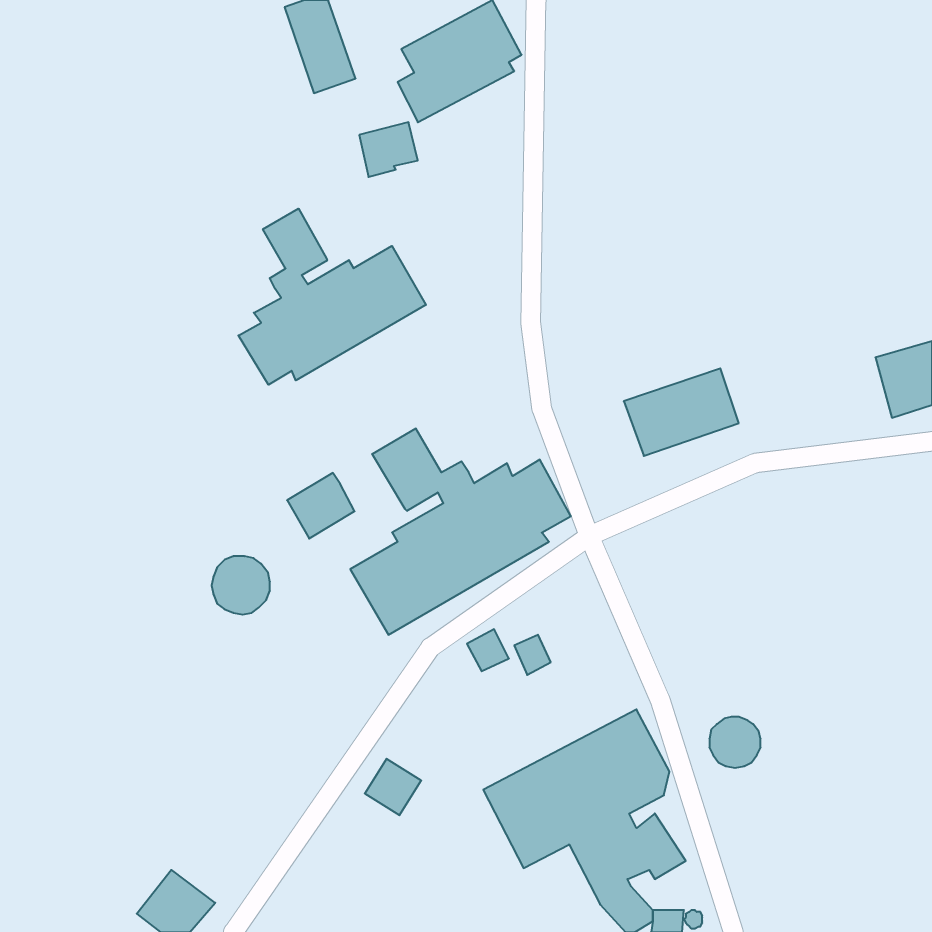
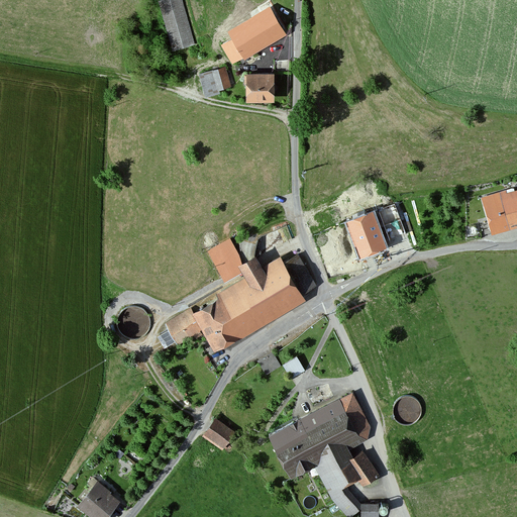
building: none -> [241,75,273,104]
building: [238,209,426,385] -> none
building: [287,473,355,539] -> [165,309,202,345]

